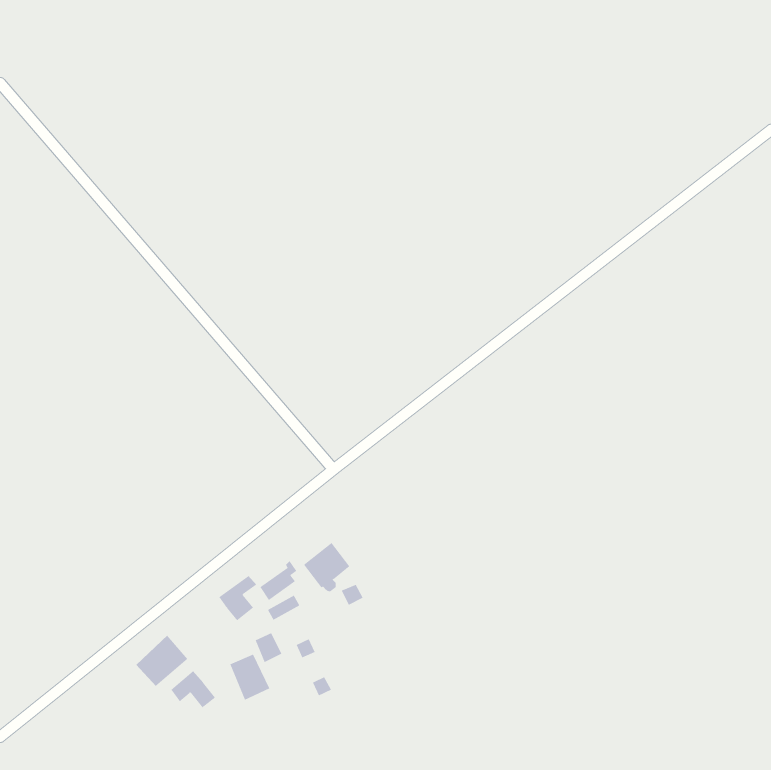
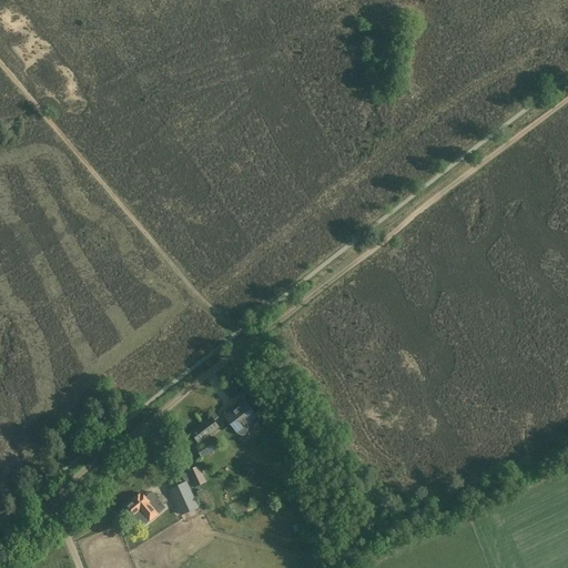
building: [218,575,257,621] -> none
building: [136,635,188,687] -> none

